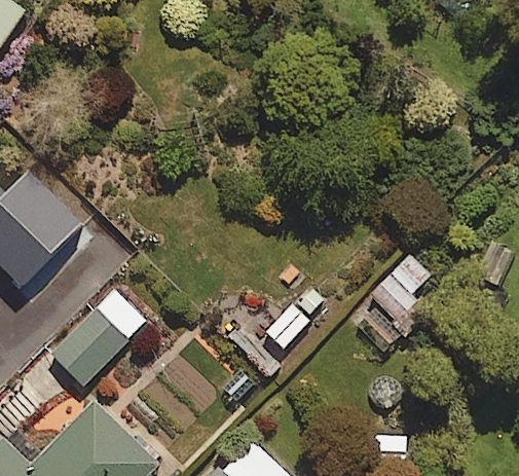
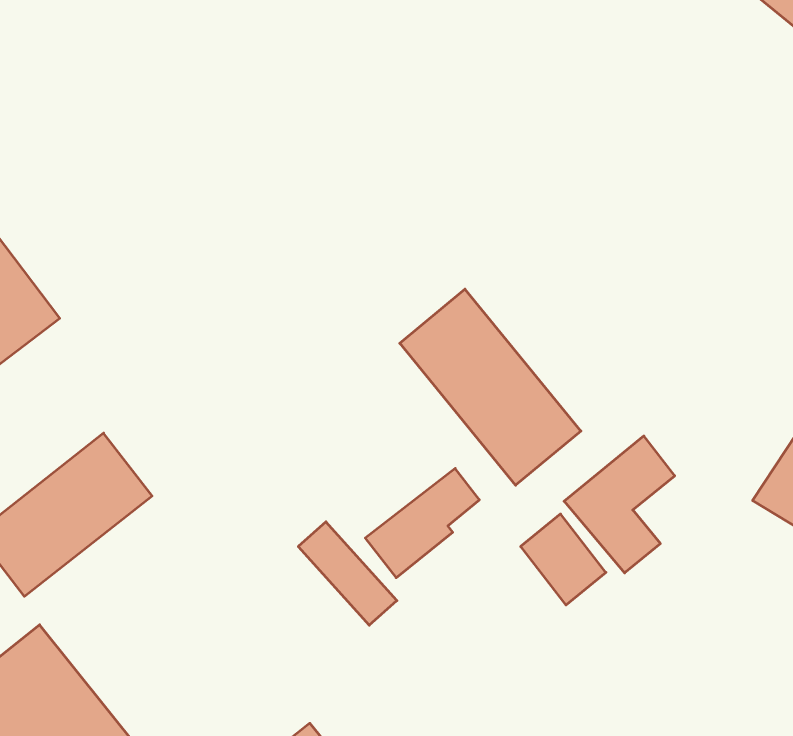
building: none -> [400,289,581,485]

